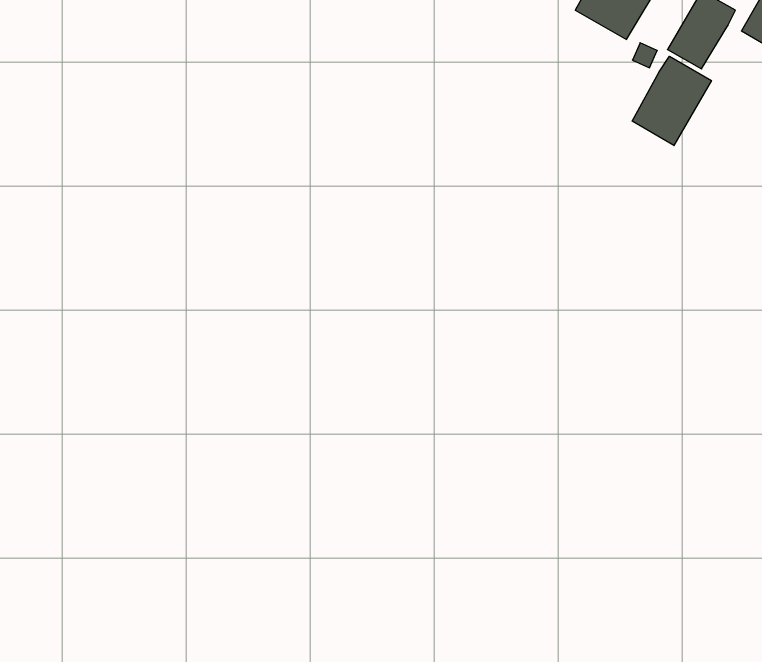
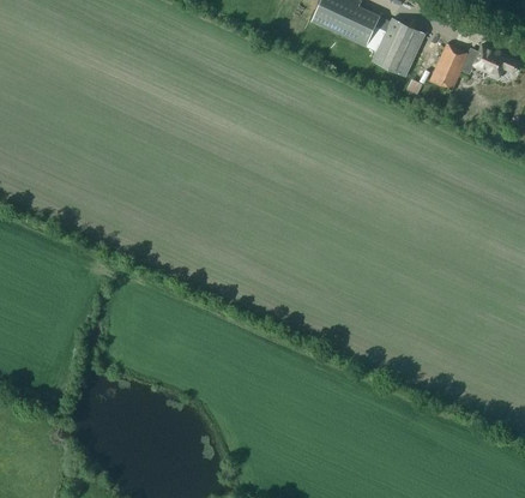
building: [632,56,711,146] -> none

